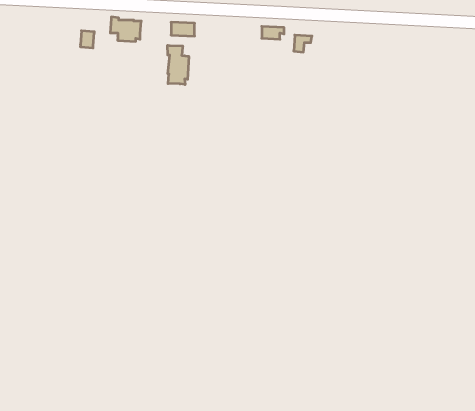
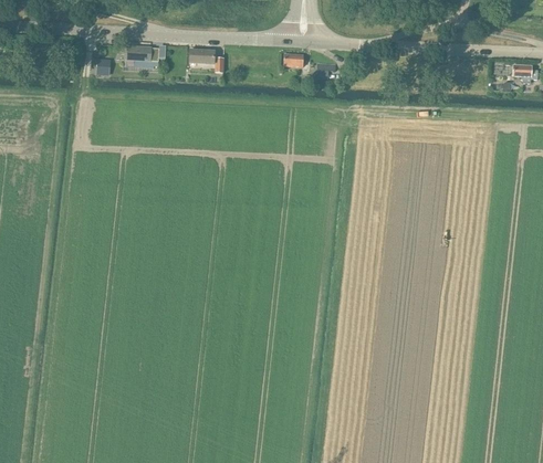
building: [168,45,189,85] -> none

